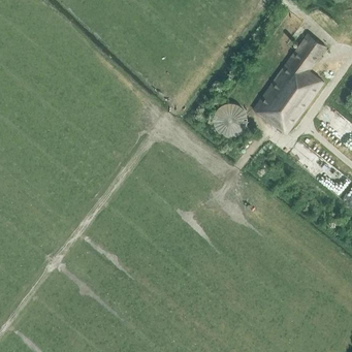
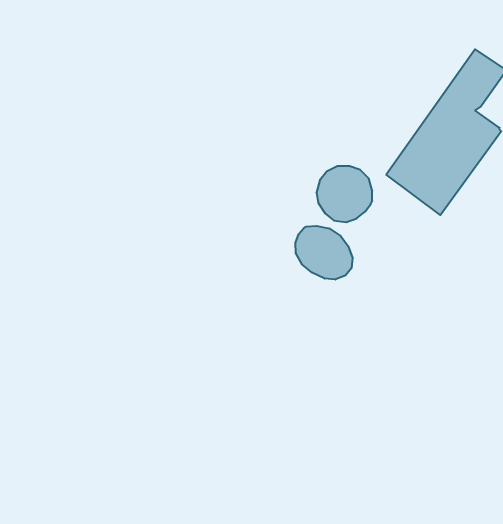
building: none -> [295,226,353,280]

